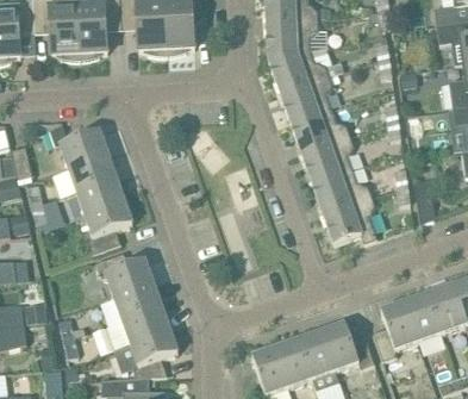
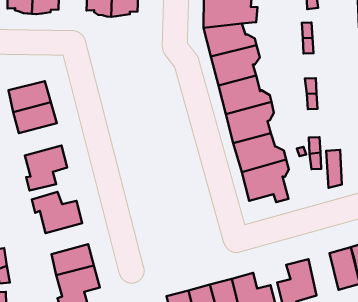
building: [75,176,123,214] -> none
building: [113,283,161,320] -> none
building: [404,294,439,342] -> none

